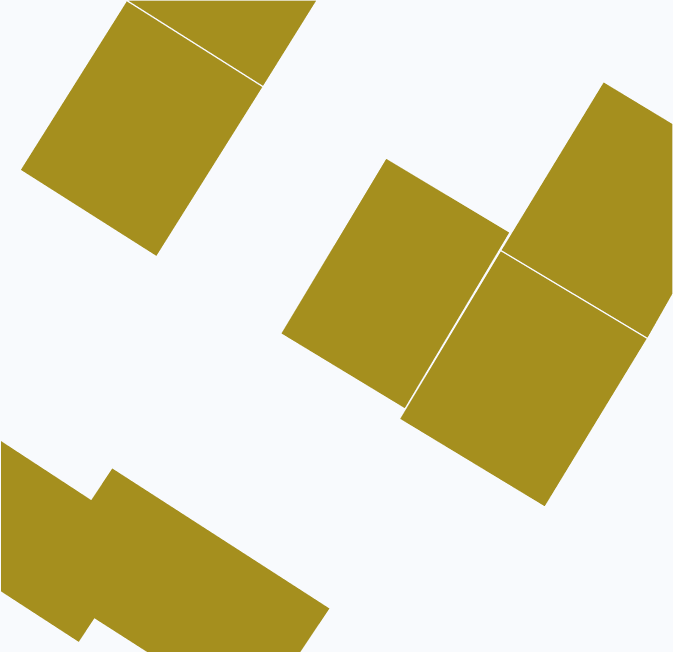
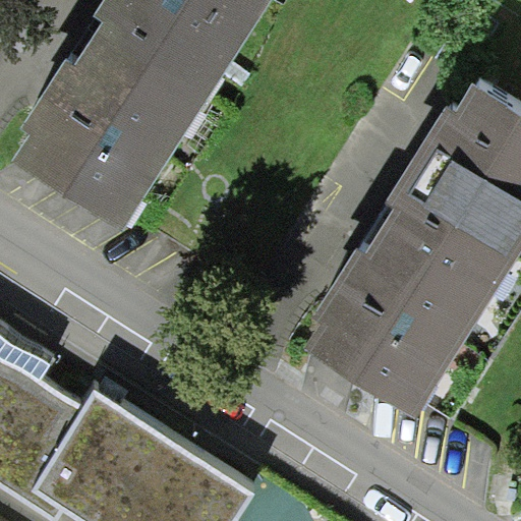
building: [280,158,510,409] -> none

